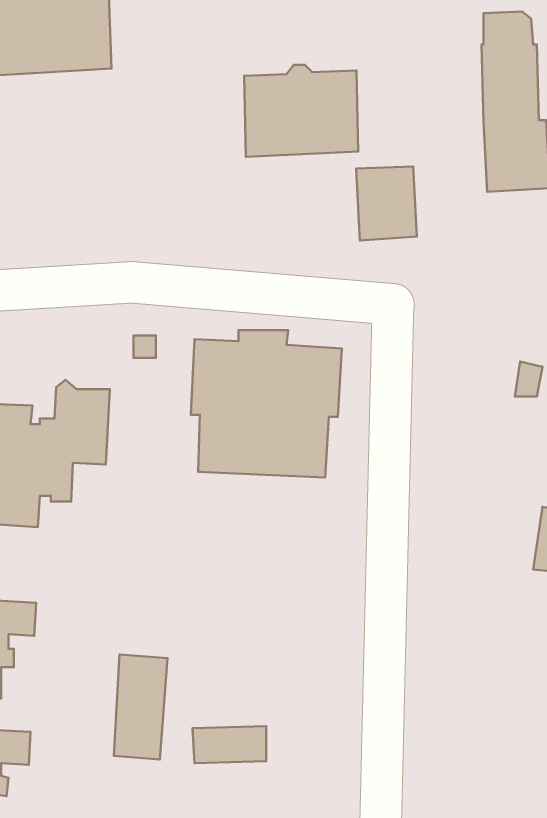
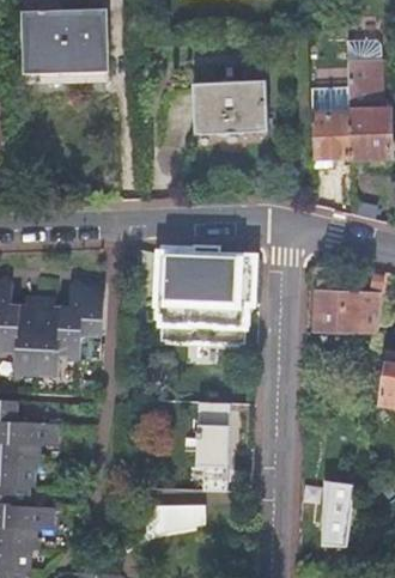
building: [356,167,417,240] -> [311,112,351,160]
building: none -> [315,282,383,335]
building: [114,655,167,760] -> [199,402,233,470]
building: none -> [322,481,357,550]

